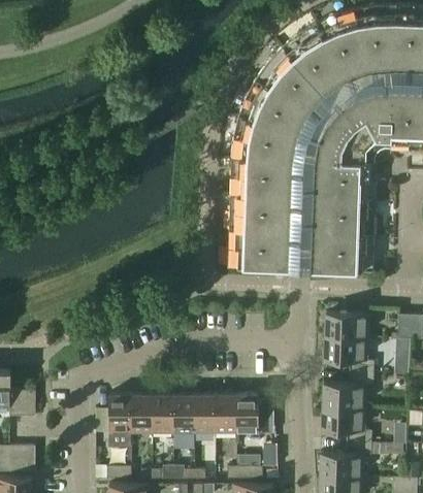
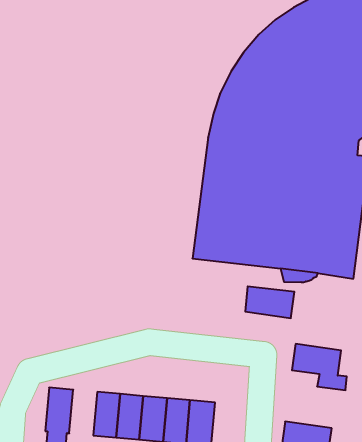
building: [326,314,368,338] -> [245,286,294,318]
building: [323,372,375,408] -> none
building: [131,395,153,434] -> none

